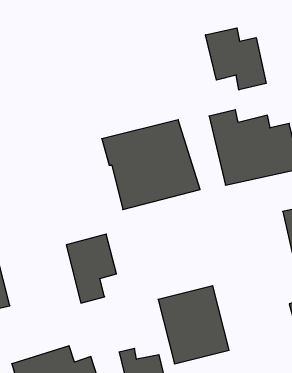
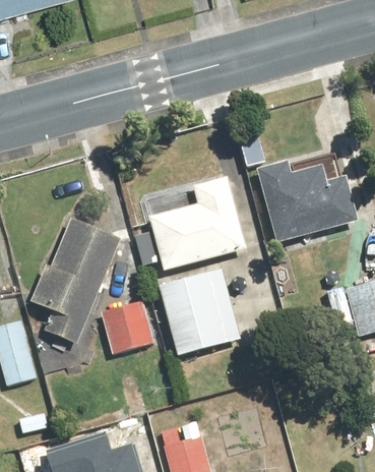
building: [206,28,266,90] -> none
building: none -> [30,219,121,344]
building: [158,286,229,364] -> [160,270,239,357]

